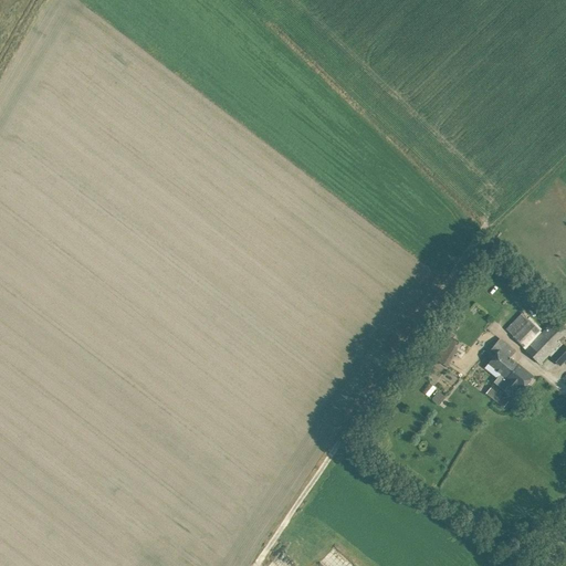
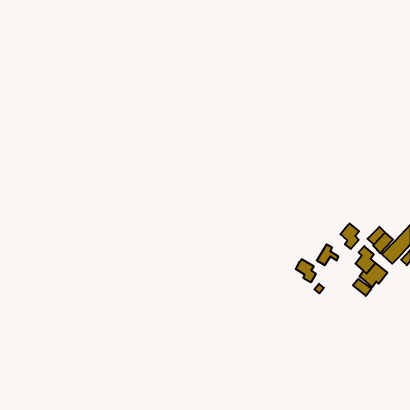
building: none -> [340,223,359,249]
building: none -> [296,259,316,282]

